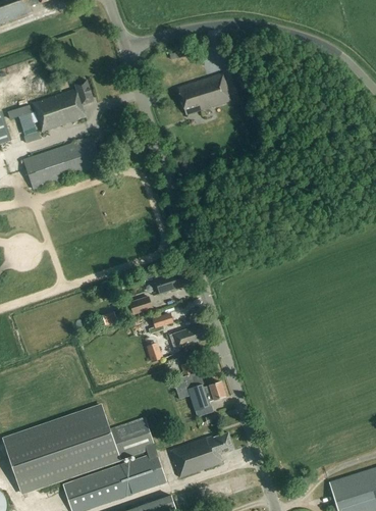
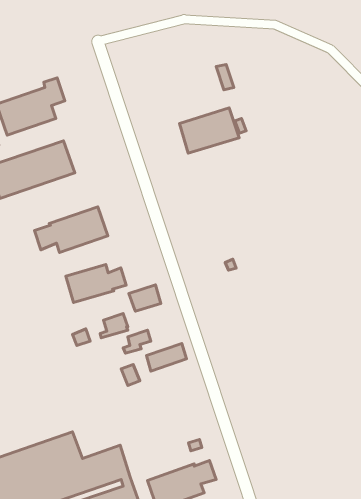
building: [177,72,232,114] -> [179,108,239,153]
building: none -> [34,207,108,252]
building: none -> [66,264,126,303]
building: [173,362,225,415] -> none

